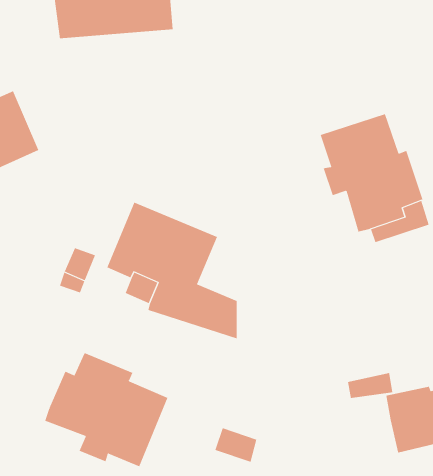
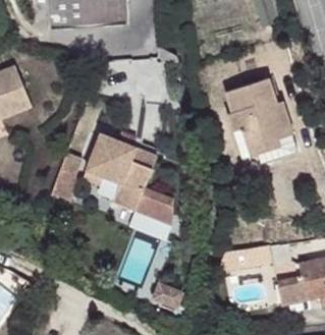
building: [45,352,168,467] -> none

